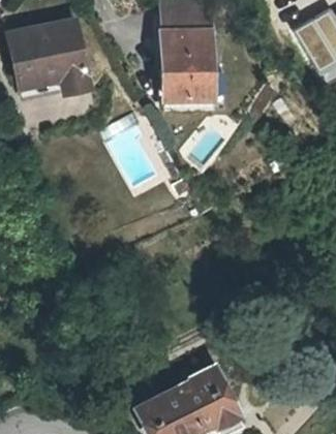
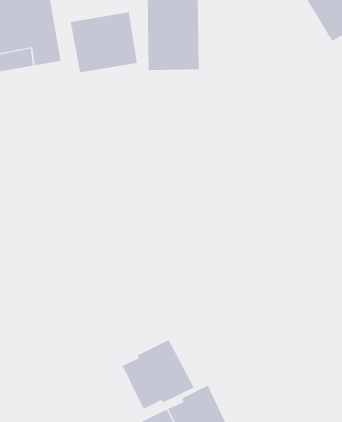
building: none -> [70,11,138,73]
building: none -> [122,339,194,410]

